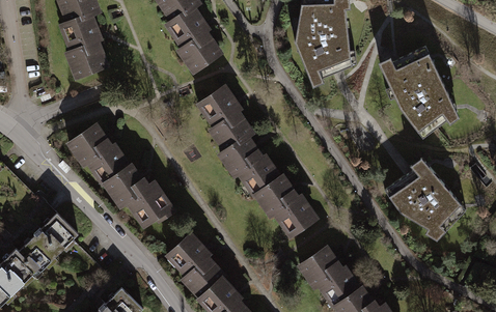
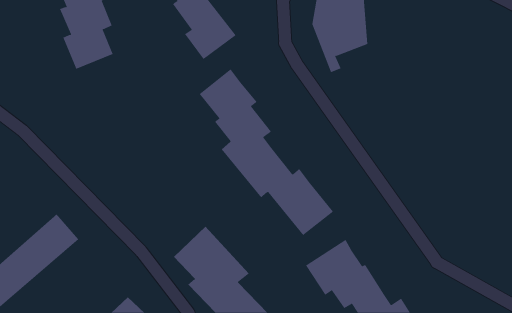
building: [379,44,457,140] -> none
building: [61,114,173,224] -> none
building: [385,159,466,243] -> none

